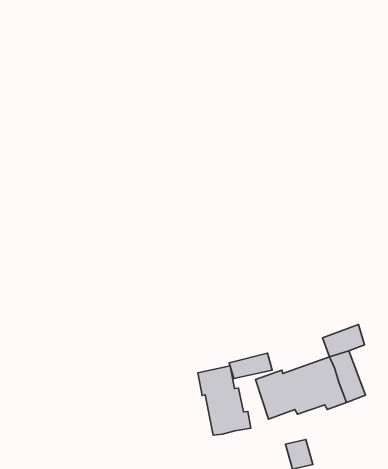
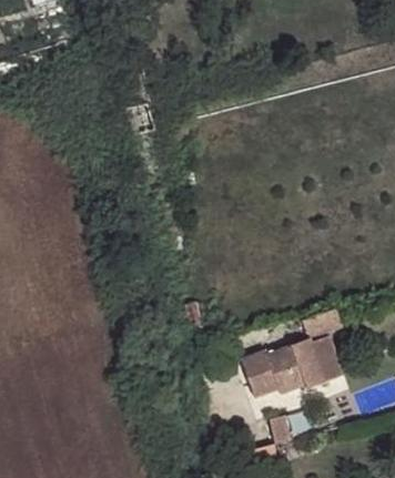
building: [198,366,251,435] -> none

